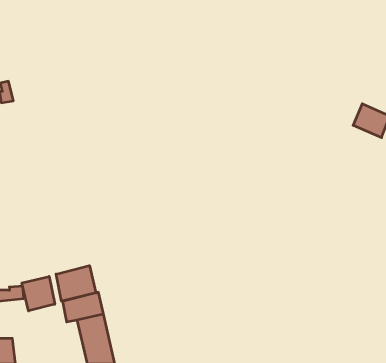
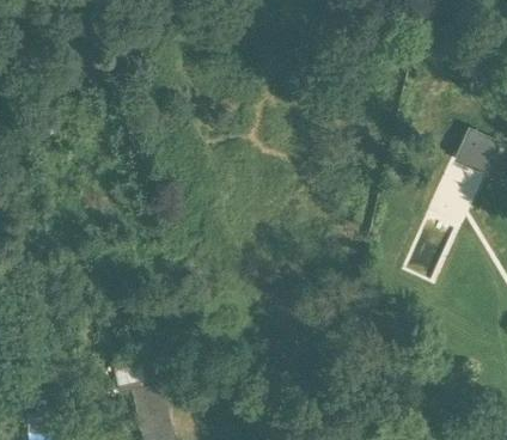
building: [56,266,96,301] -> none
building: [22,276,55,311] -> none

